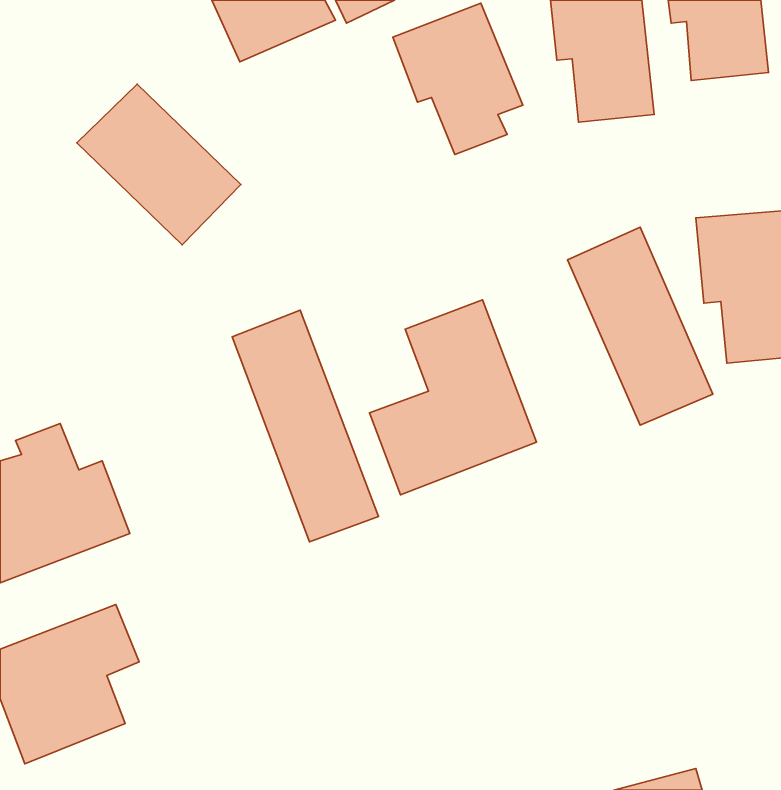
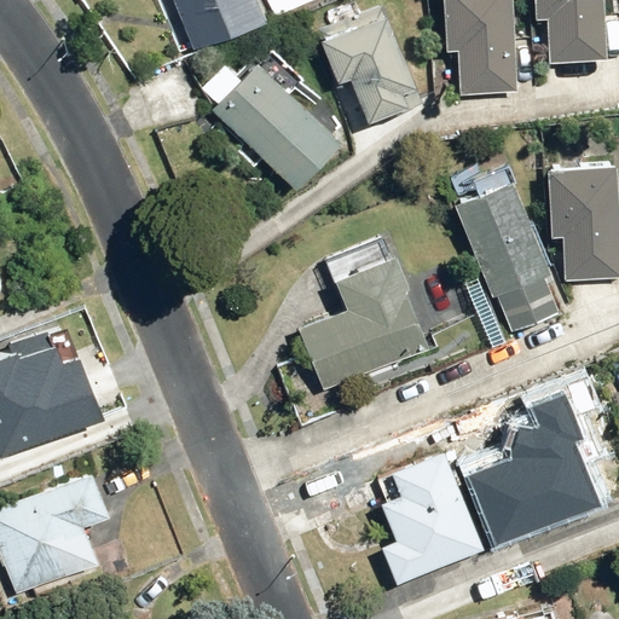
building: [77,84,241,245] -> [210,62,339,187]
building: [232,310,379,542] -> none
building: none -> [478,395,607,545]
building: none -> [377,447,482,584]

